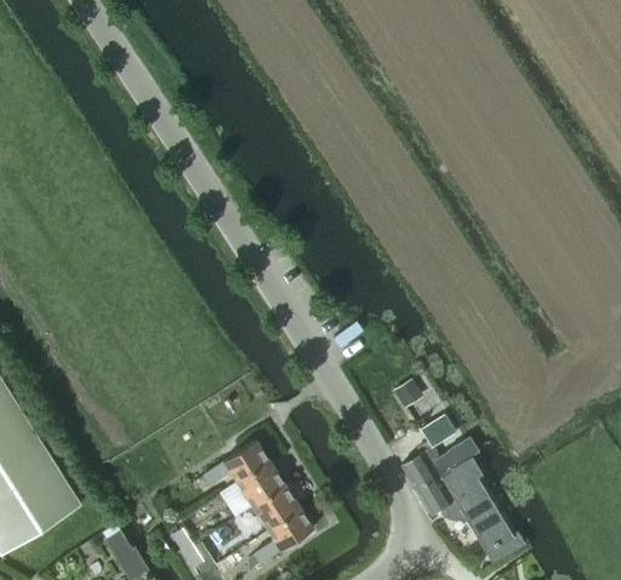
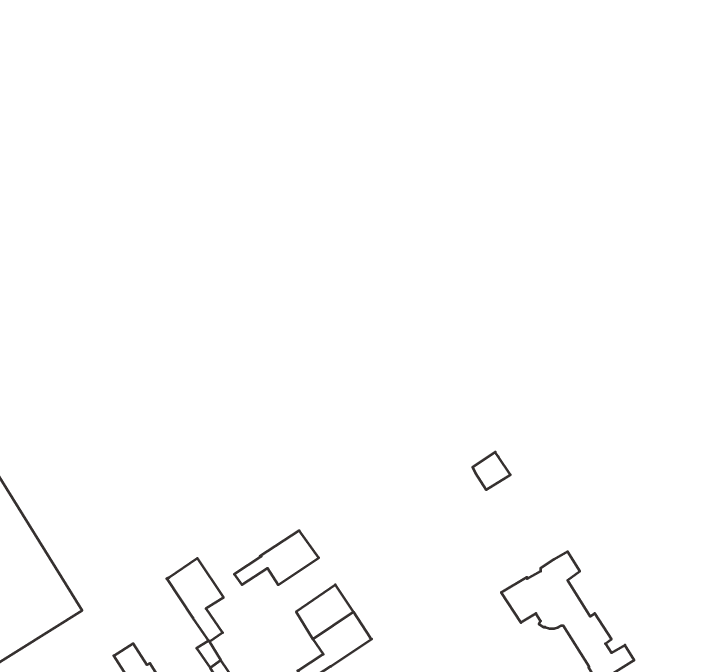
building: [403,415,479,490] -> none
building: [238,462,284,506] -> none
building: none -> [167,558,223,642]

